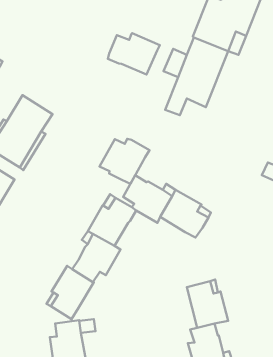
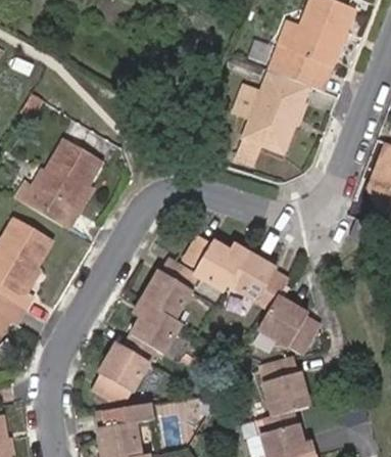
building: [108,33,160,74] -> none
building: [100,139,150,184] -> none
building: none -> [259,296,317,354]

